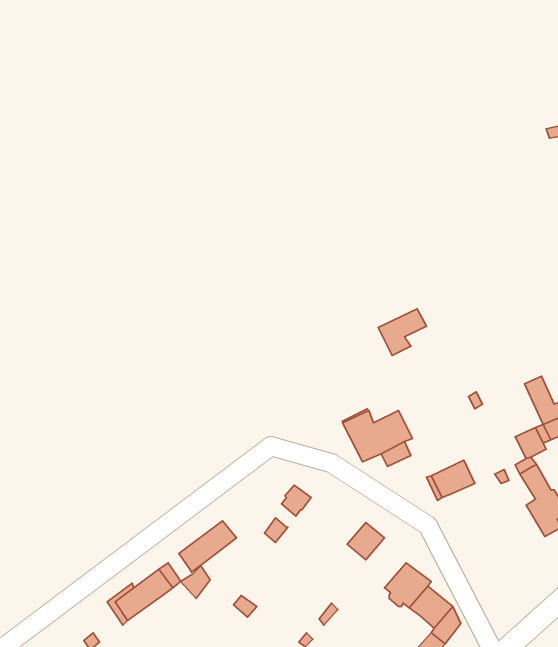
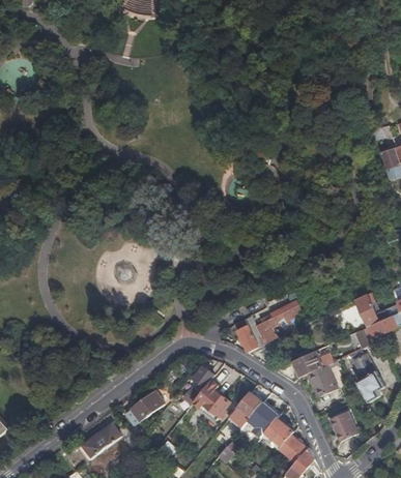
building: [378,309,426,356] -> [271,304,304,335]
building: none -> [306,363,337,394]
building: none -> [194,381,230,417]
building: none -> [250,401,278,438]
building: none -> [331,410,359,440]

